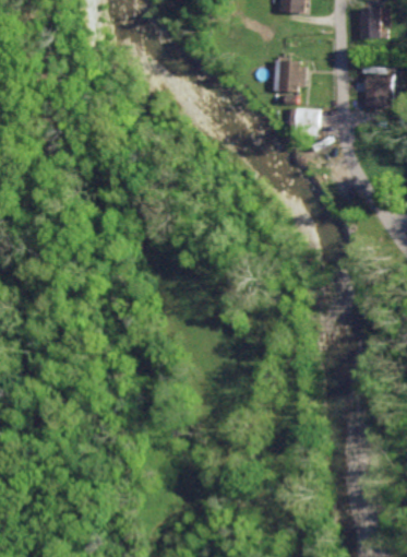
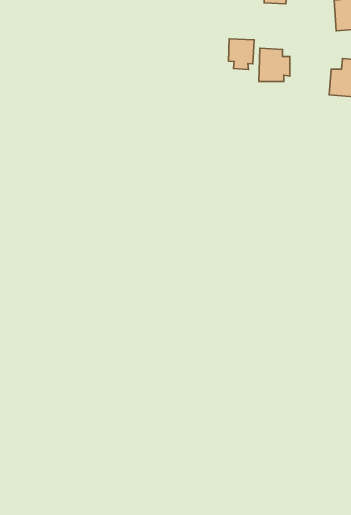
building: none -> [229,39,254,70]
building: [290,106,320,127] -> none

